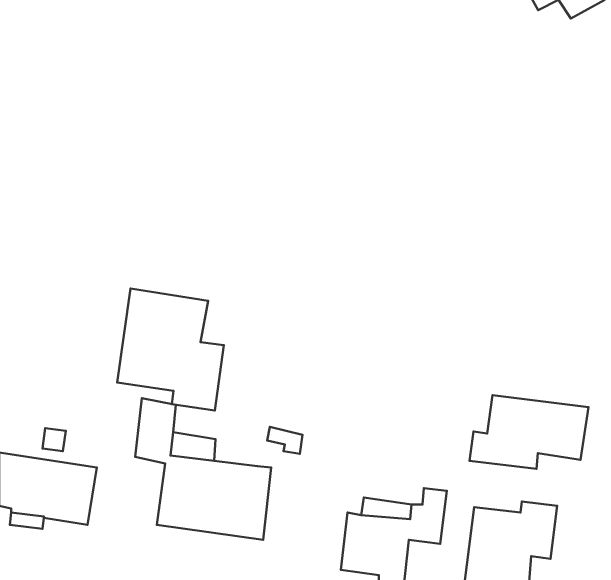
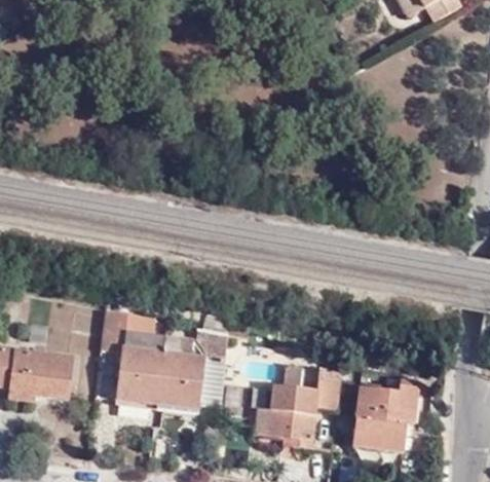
building: [117,288,224,411] -> none
building: [469,395,589,469] -> none

